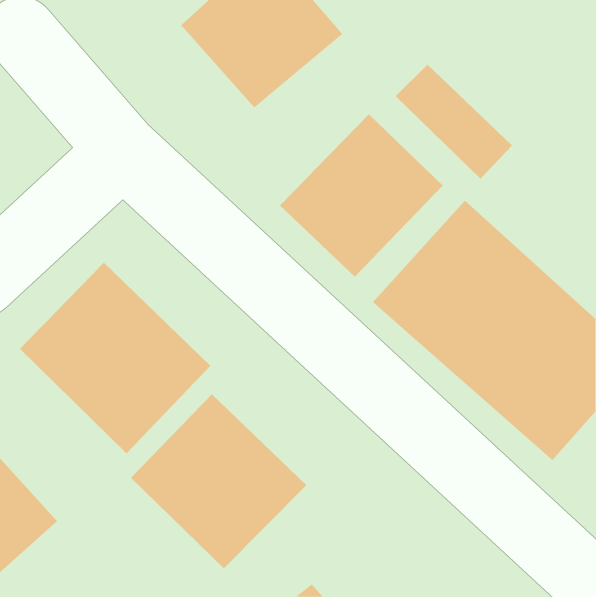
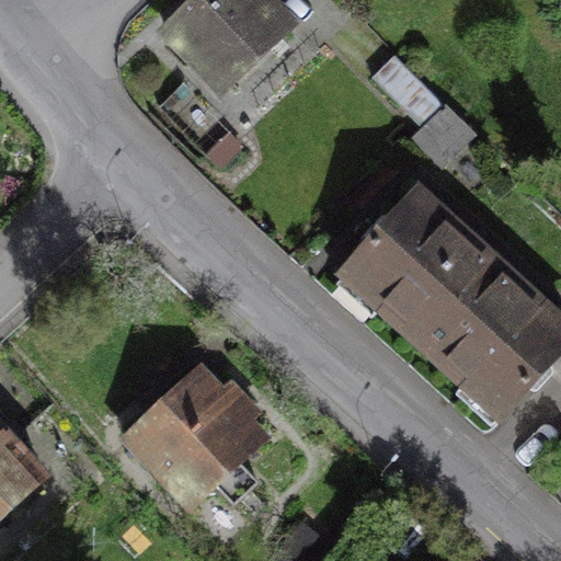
building: [279,114,443,277] -> none
building: [19,262,211,454] -> none

